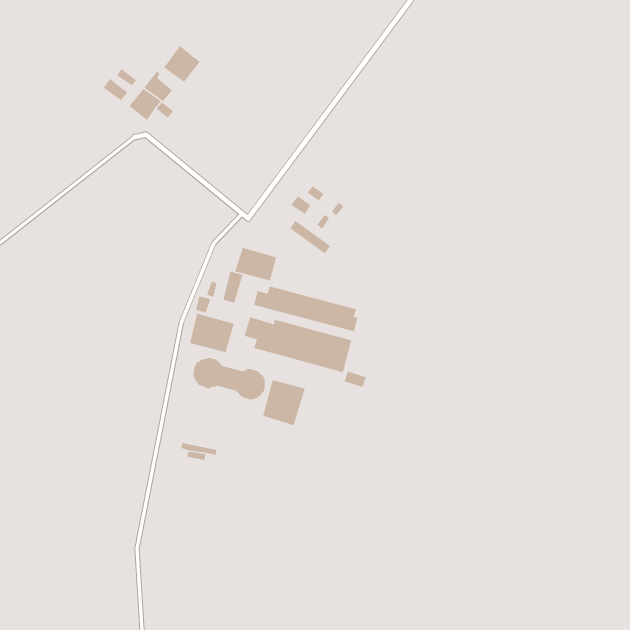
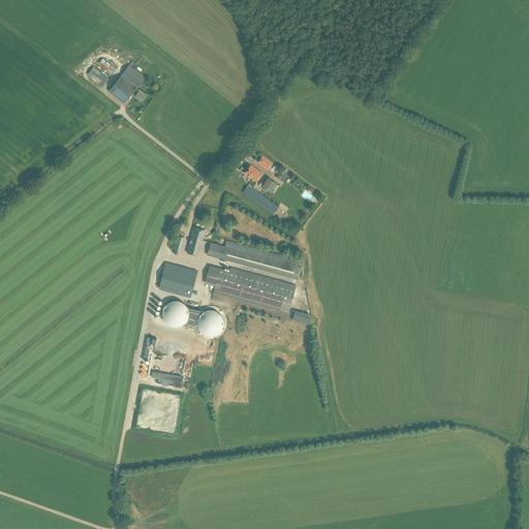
building: [163,45,201,83] -> none
building: [234,247,277,281] -> none
building: [262,379,306,426] -> none

